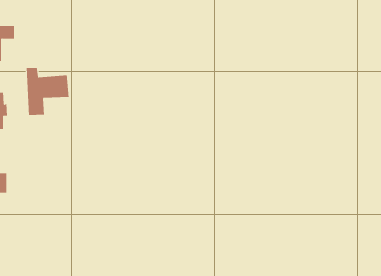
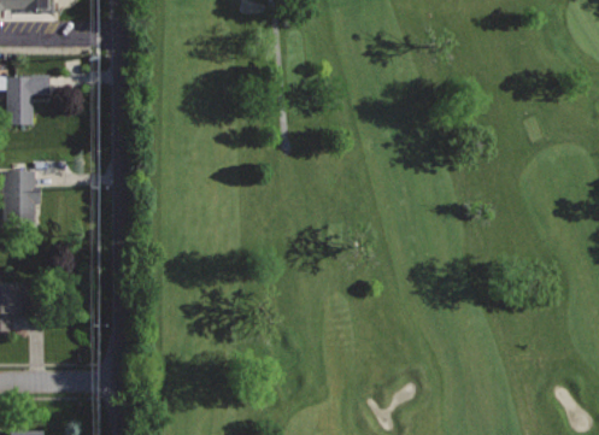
building: [26,67,69,116] -> none

